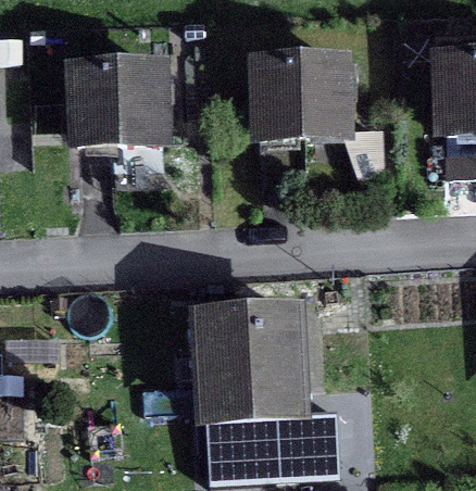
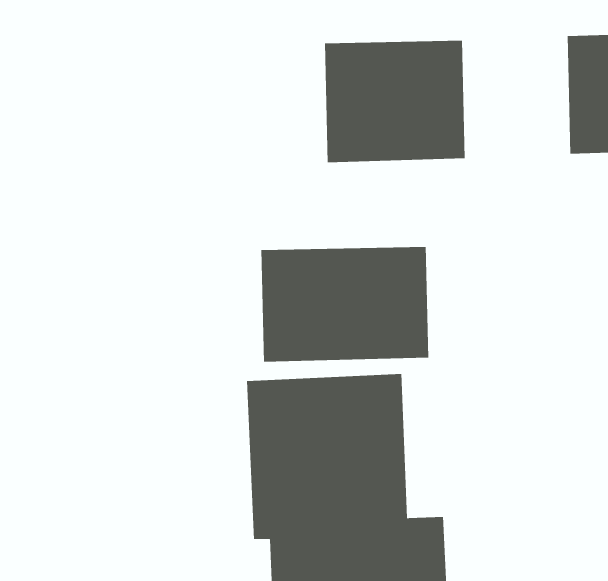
building: [66,55,174,149] -> none
building: none -> [261,246,429,362]

